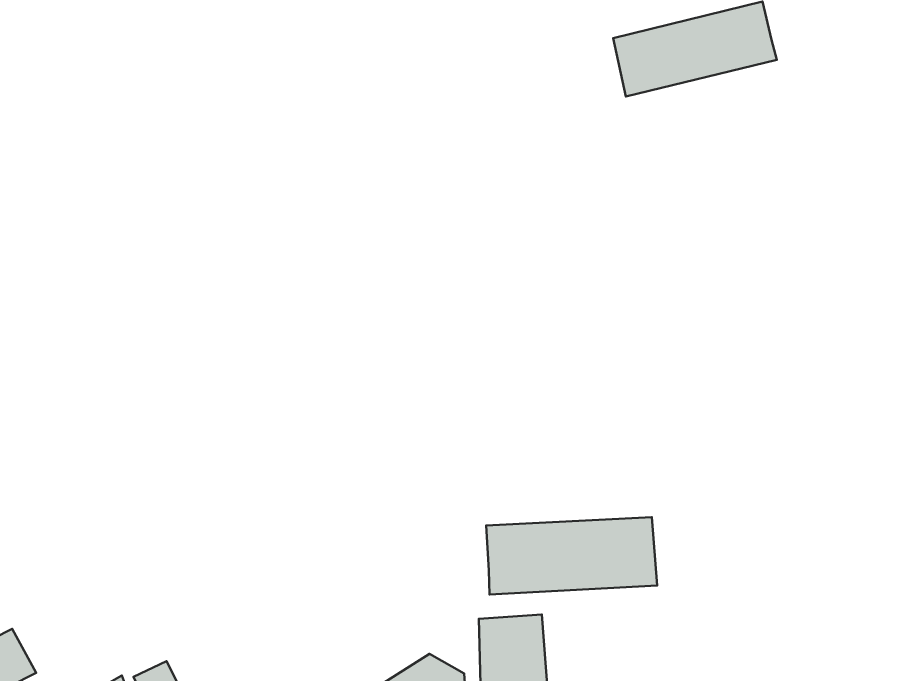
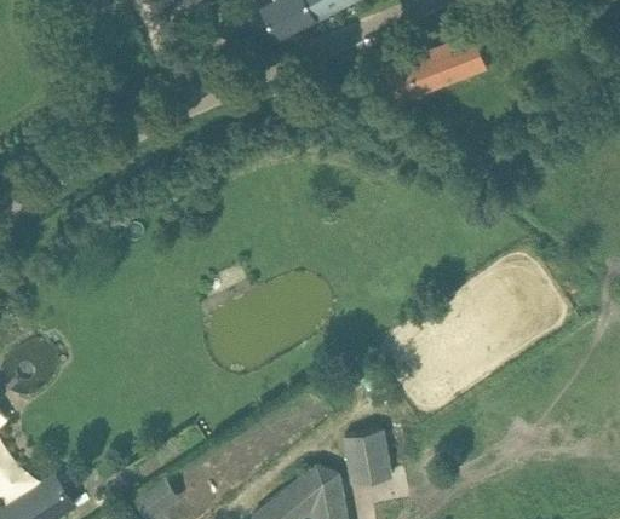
building: [486,517,657,595] -> none

